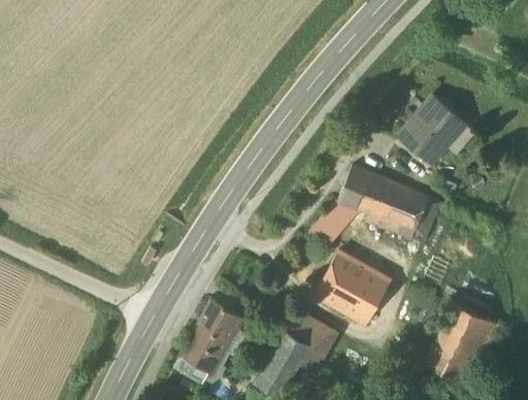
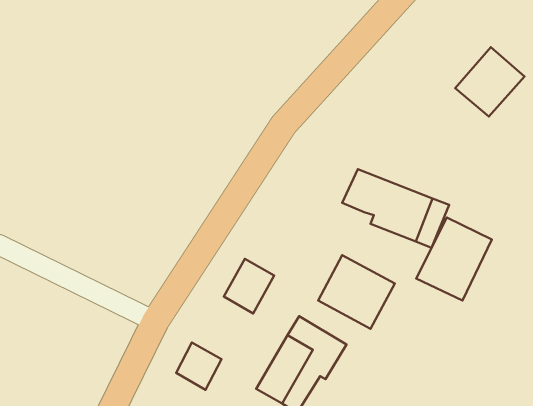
building: [398,95,466,163] -> [455,47,525,116]
building: [310,200,360,237] -> none
building: [191,300,240,354] -> [224,259,274,313]
building: [425,302,499,384] -> [416,217,492,300]

